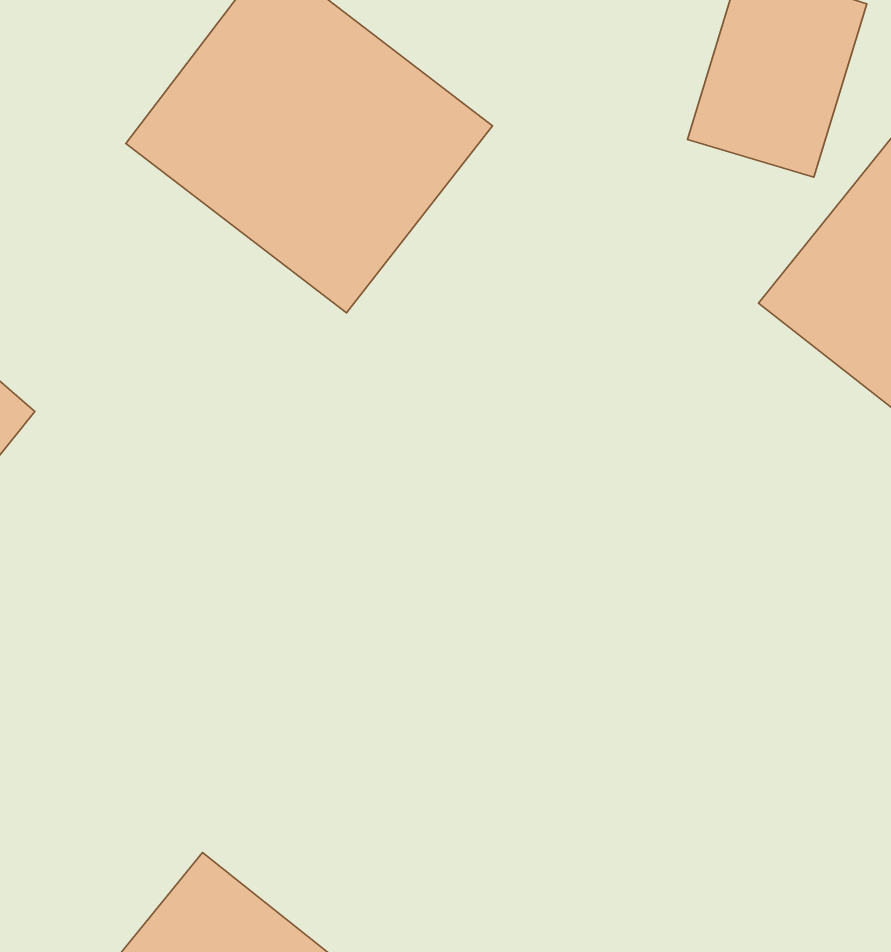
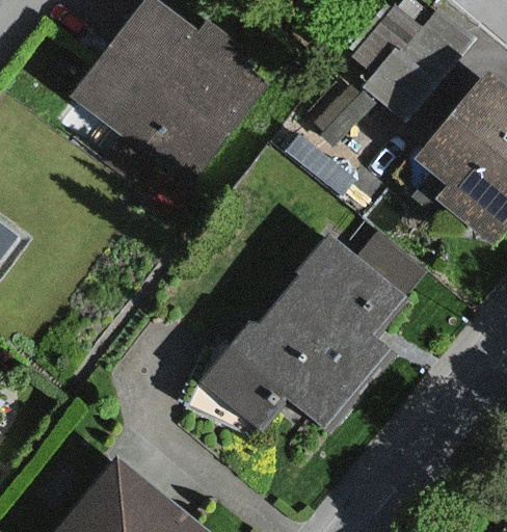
building: none -> [229,233,413,421]

